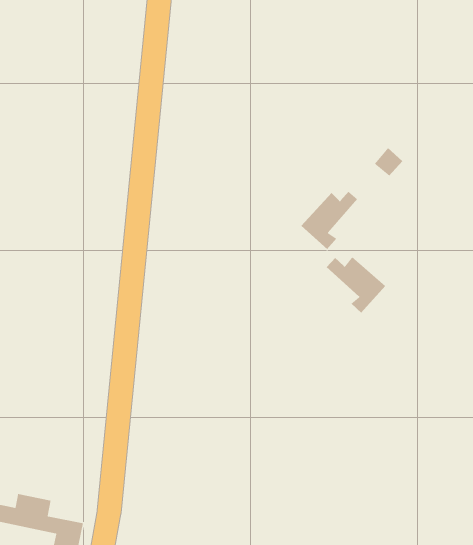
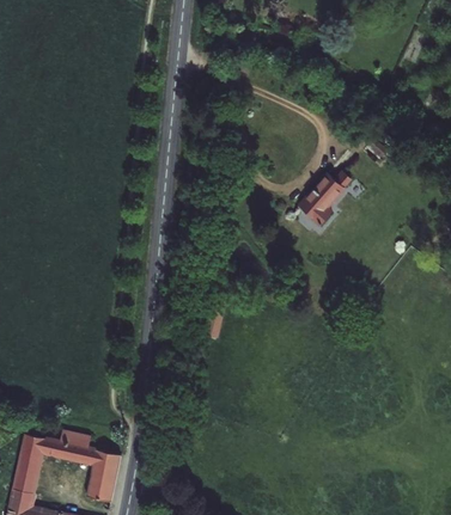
building: [326,256,386,314] -> none

